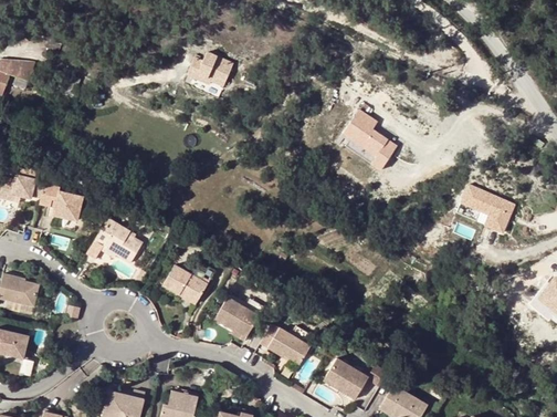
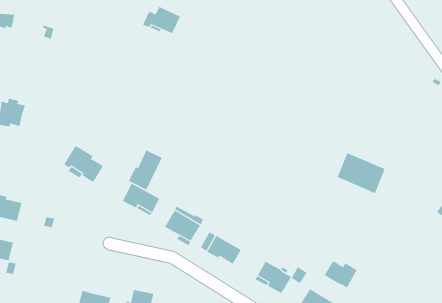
building: [344,110,398,170] -> none
building: [39,180,80,219] -> none
building: [456,185,515,234] -> [337,152,385,194]
building: none -> [128,149,163,190]
building: none -> [324,260,358,289]

